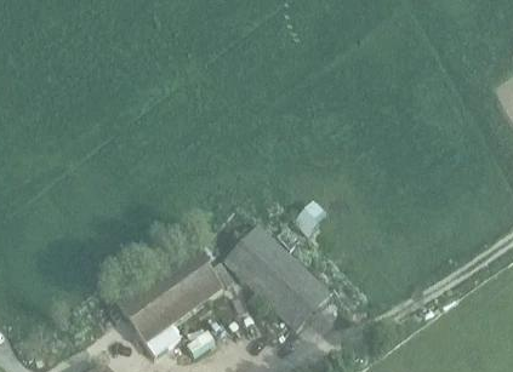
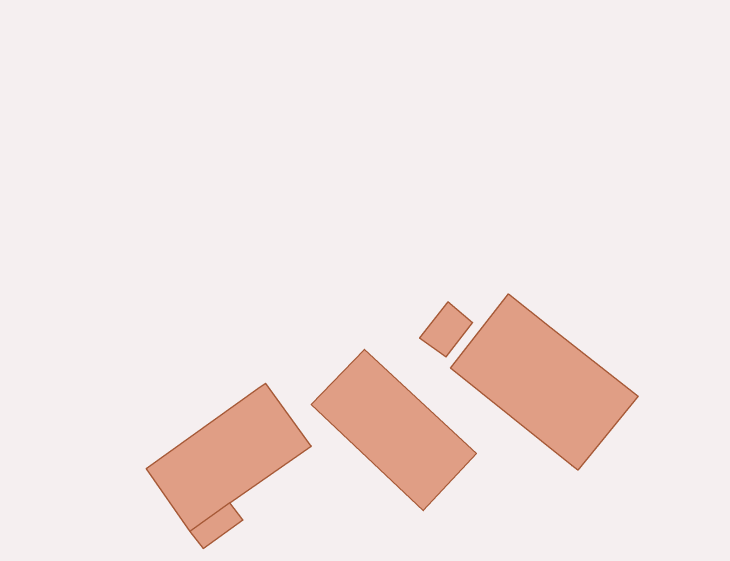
building: none -> [451,294,638,470]

